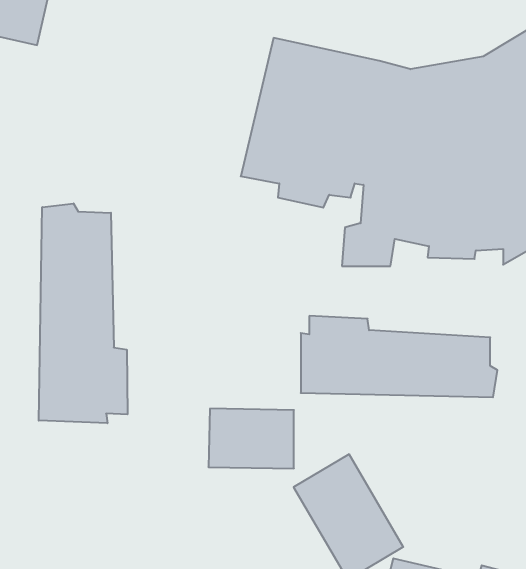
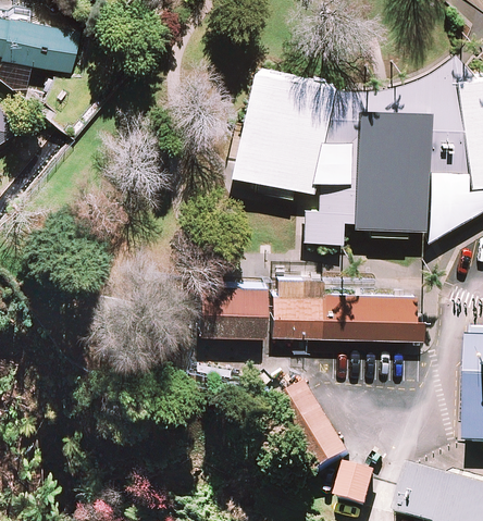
building: [39,203,127,423] -> none
building: [208,409,294,468] -> [200,291,265,337]

